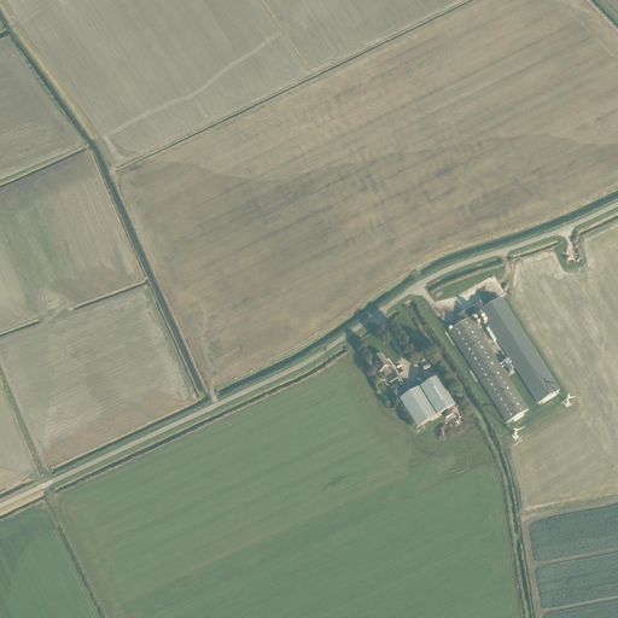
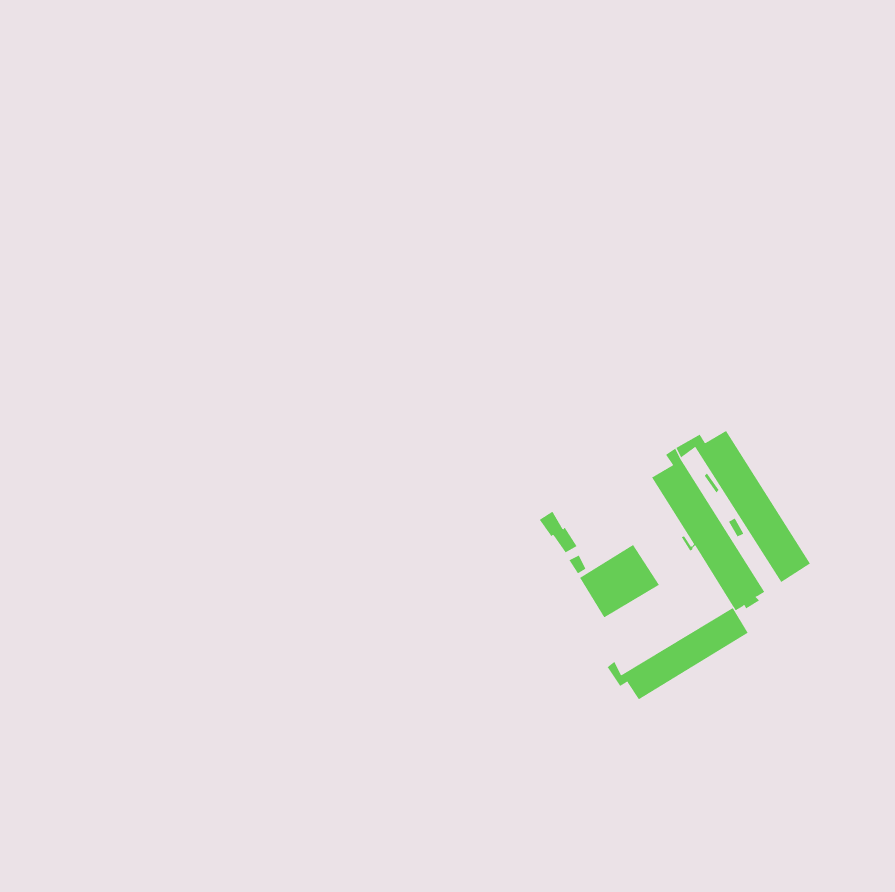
building: none -> [607,607,748,700]

